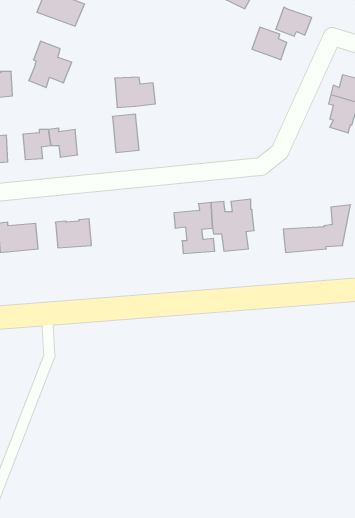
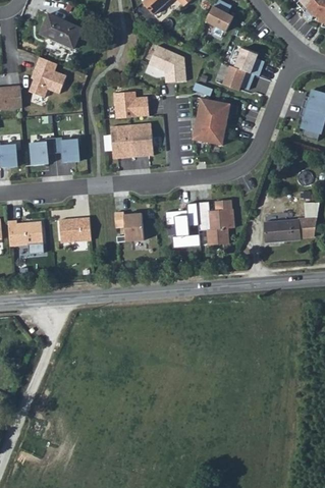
building: [276,7,312,36] -> [221,65,253,91]
building: none -> [149,46,185,84]
building: none -> [194,100,231,147]
building: none -> [130,122,154,156]
building: none -> [116,212,145,241]

